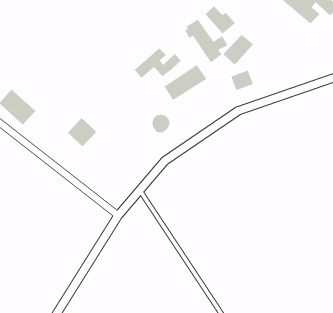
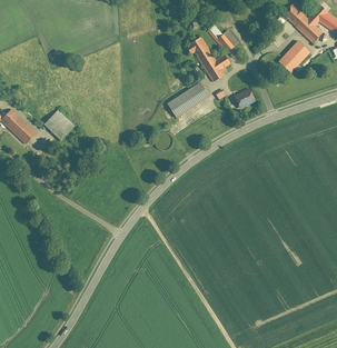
building: [223,34,254,65] -> [279,41,310,72]
building: [134,48,182,79] -> none
building: [67,117,97,147] -> [44,110,75,140]

